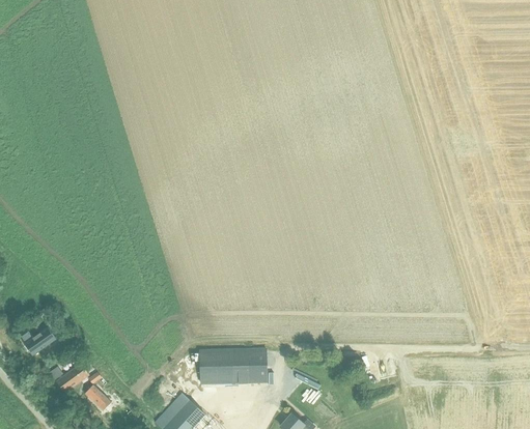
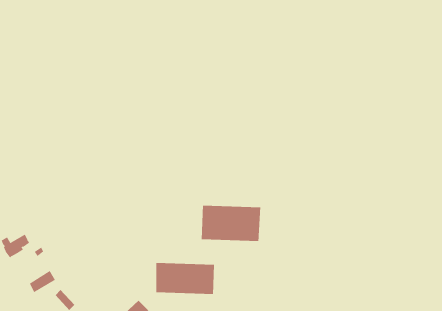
building: none -> [201,205,261,242]

